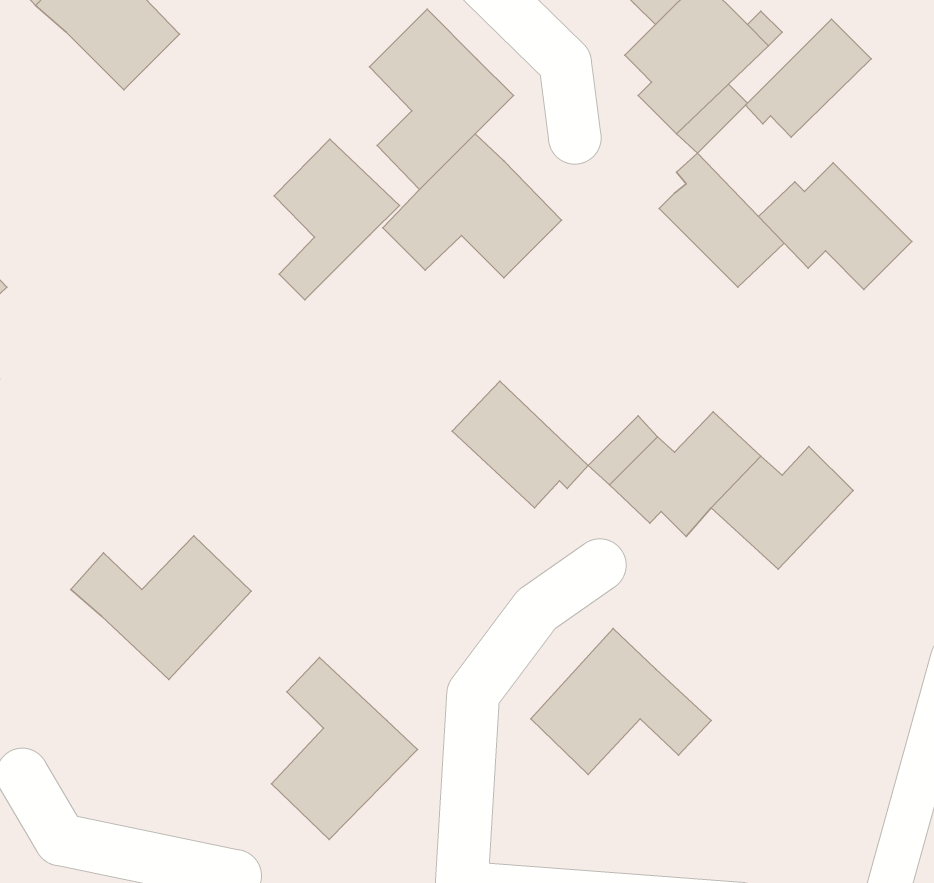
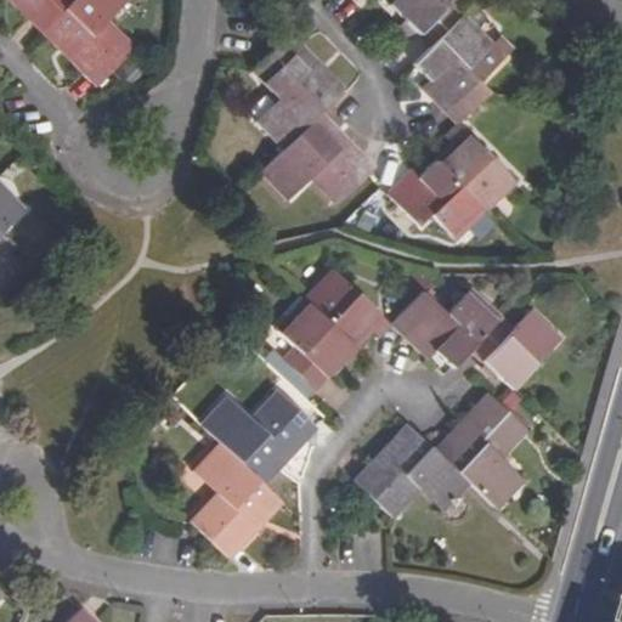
building: [745,19,871,137] -> none
building: [274,139,399,300] -> none
building: [758,163,912,289] -> [389,159,486,239]
building: none -> [278,300,357,394]
building: [71,536,251,680] -> [202,392,316,484]
building: none -> [434,394,525,508]

